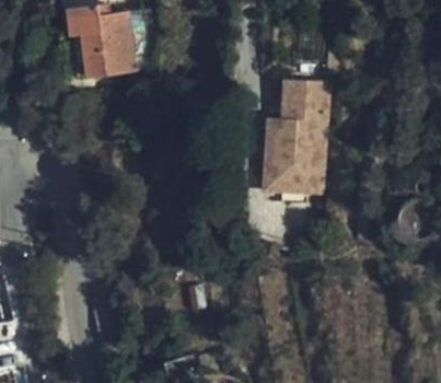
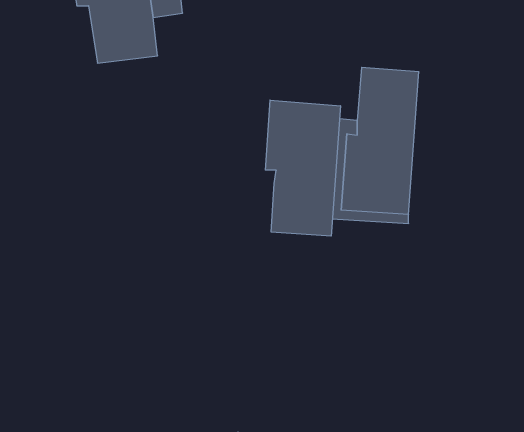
building: none -> [265,100,340,236]

